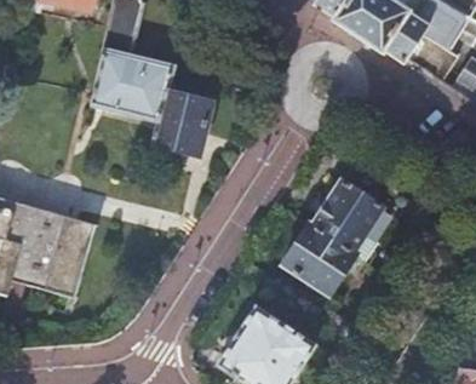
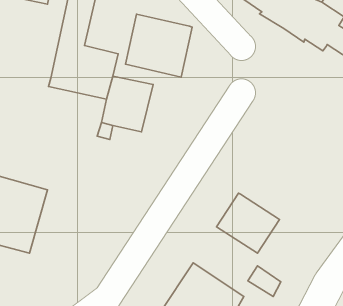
building: none -> [125,14,192,77]
building: [312,182,395,257] -> none

